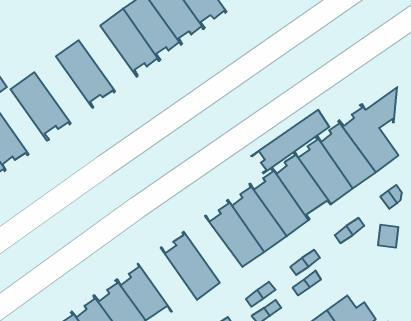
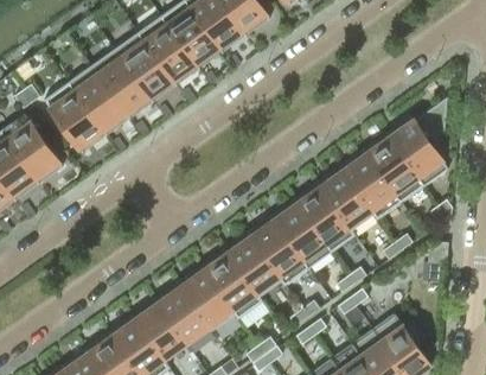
building: none -> [115,33,175,102]
building: none -> [69,65,129,135]
building: [251,110,329,173] -> none
building: none -> [224,231,286,301]
building: none -> [177,265,238,331]

